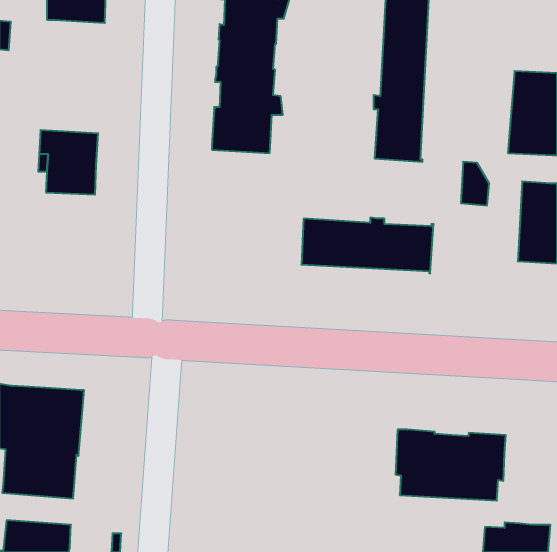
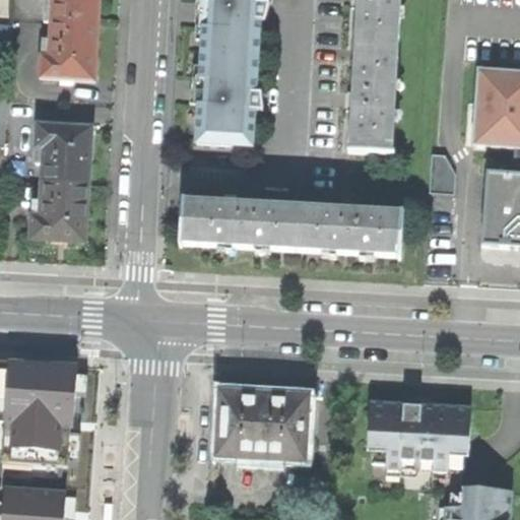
building: none -> [40,18,98,77]
building: none -> [30,179,88,238]
building: none -> [180,196,282,246]
building: none -> [217,390,307,462]

